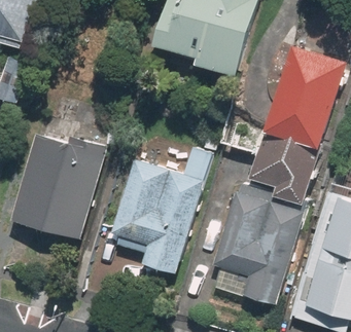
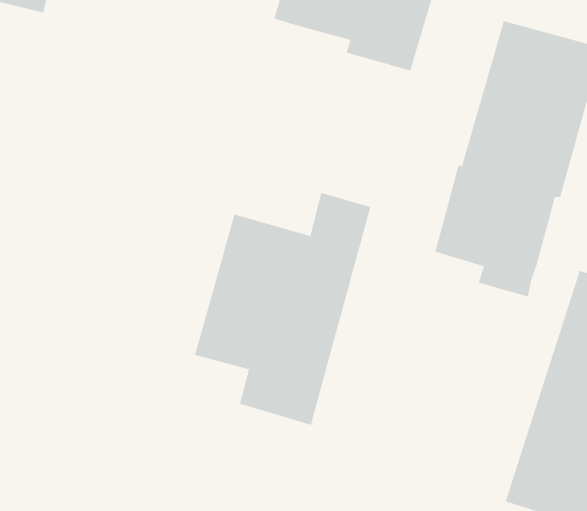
building: [10,130,104,239] -> none
building: [210,180,305,307] -> none

